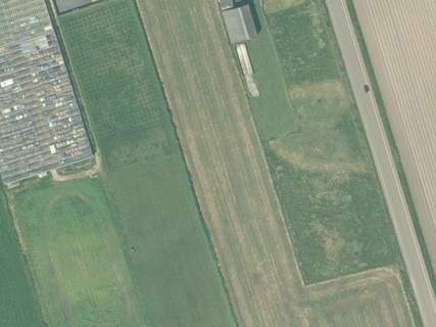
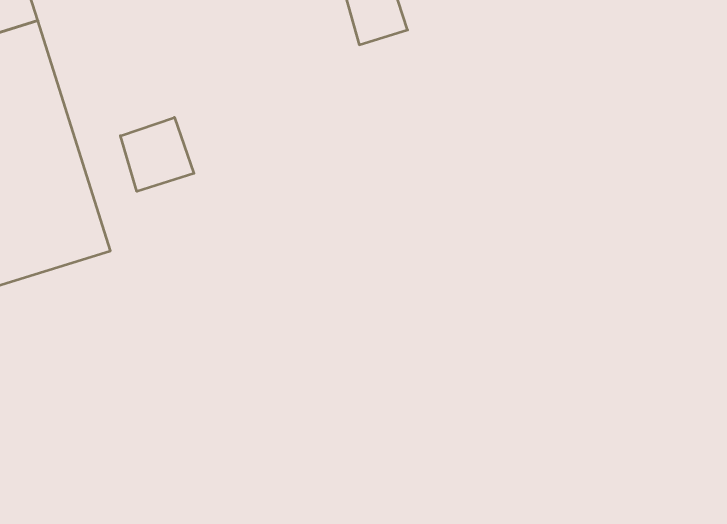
building: none -> [120,117,194,191]

